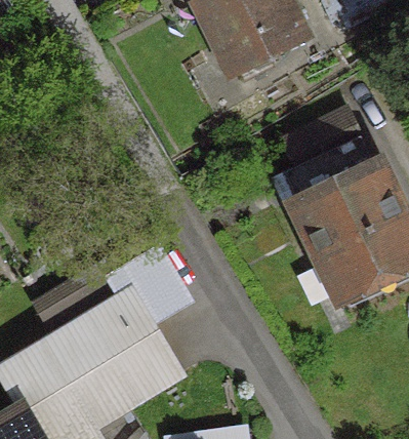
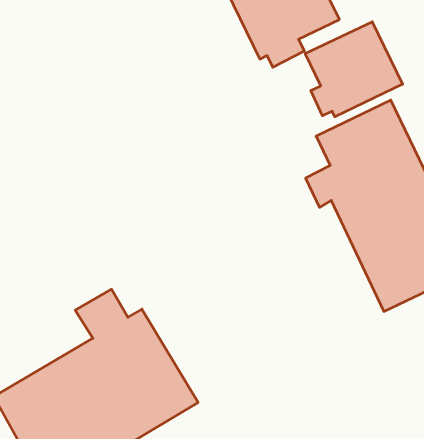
building: none -> [305,22,403,117]

